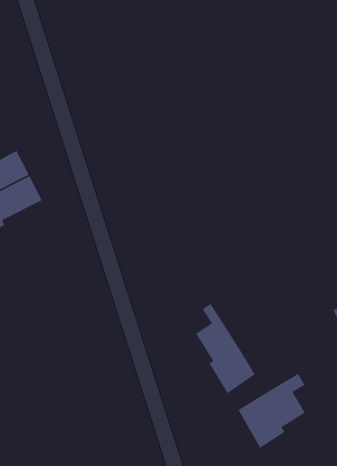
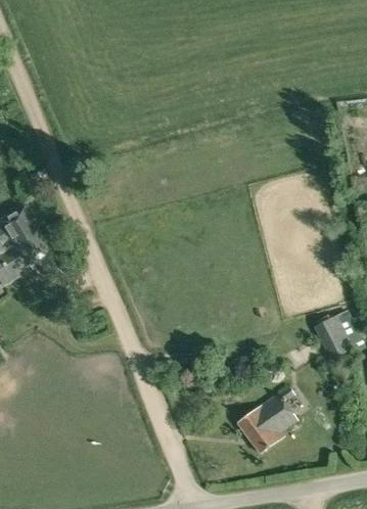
building: [195,303,256,394] -> none

